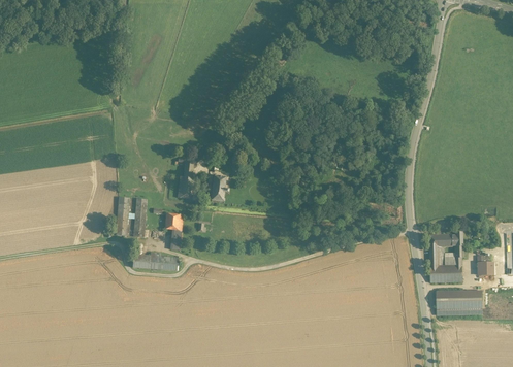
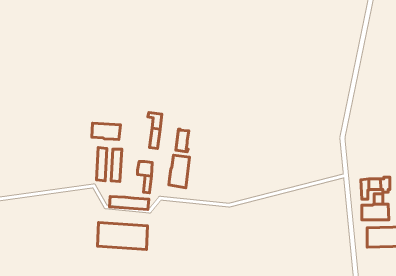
building: none -> [92,123,121,140]
building: none -> [169,155,190,188]
building: none -> [97,222,147,250]

